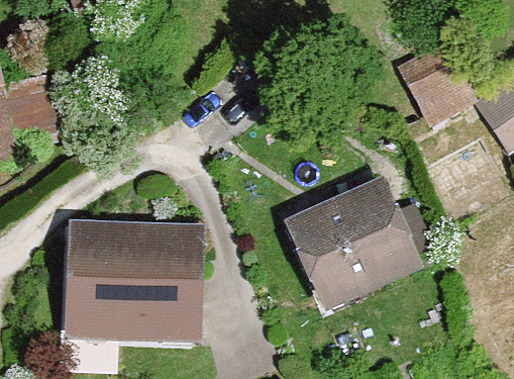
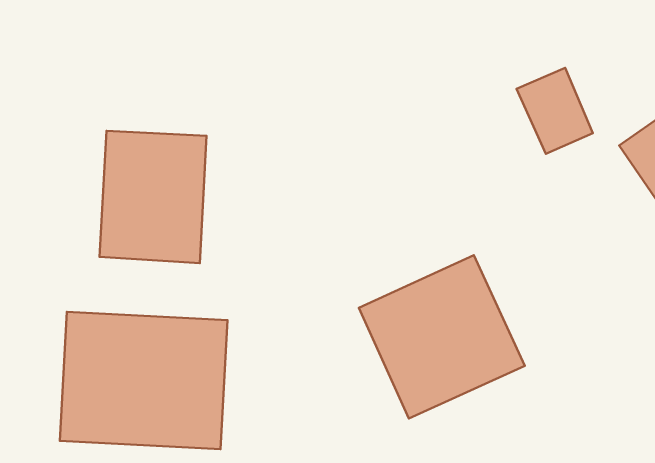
building: none -> [99,131,206,263]

